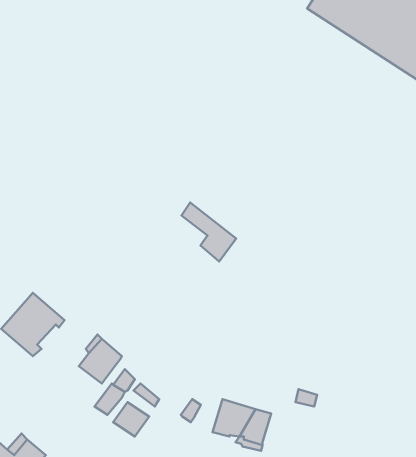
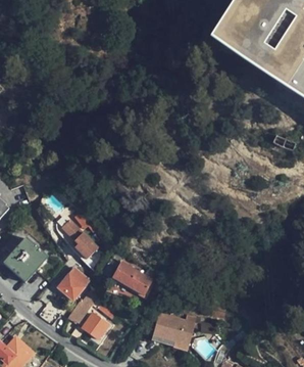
building: [182,203,236,261] -> [60,217,99,259]
building: none -> [110,263,151,295]

